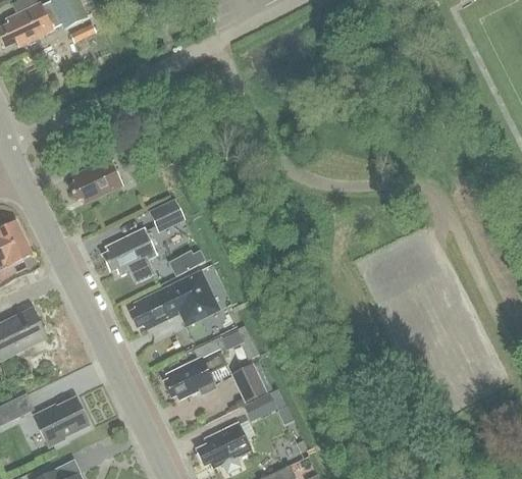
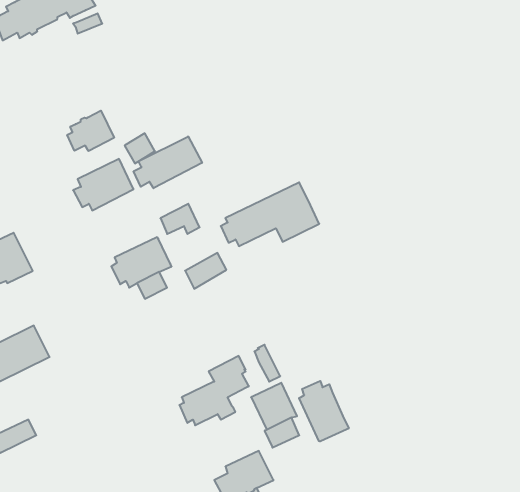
building: none -> [67,111,114,151]
building: none -> [134,136,202,188]
building: [130,270,220,328] -> [221,182,319,246]
building: none -> [299,381,349,441]
building: [35,395,90,445] -> none

